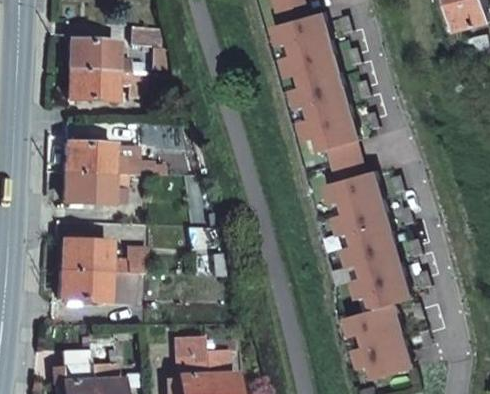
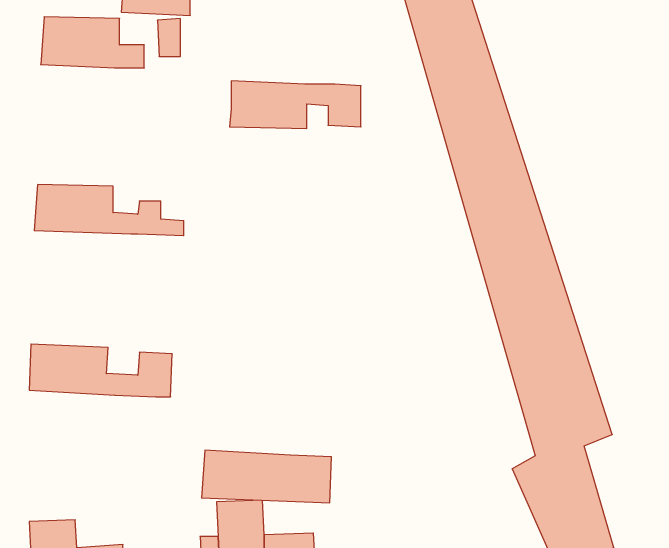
building: [63,71,143,100] -> [230,81,361,129]
building: [59,172,123,203] -> none
building: [55,269,134,301] -> [202,450,331,503]

